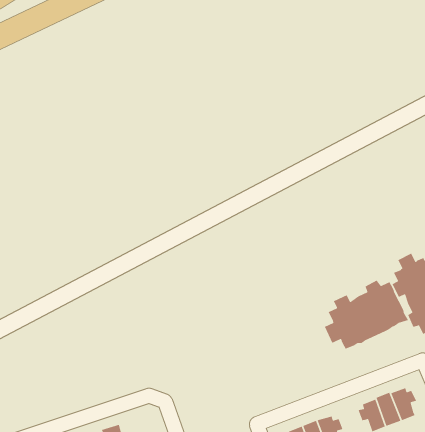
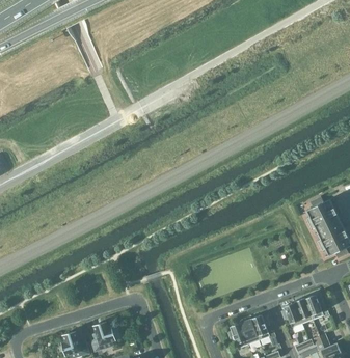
building: [324,279,409,350] -> none

